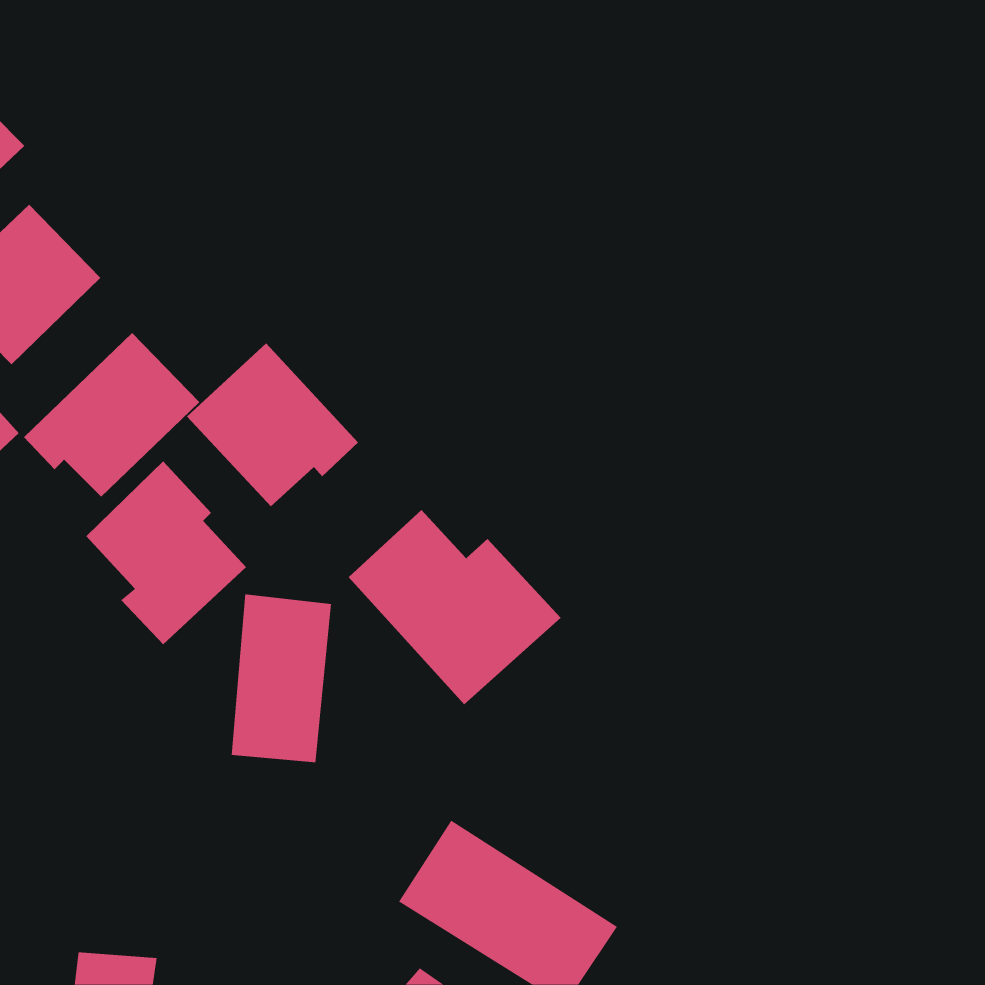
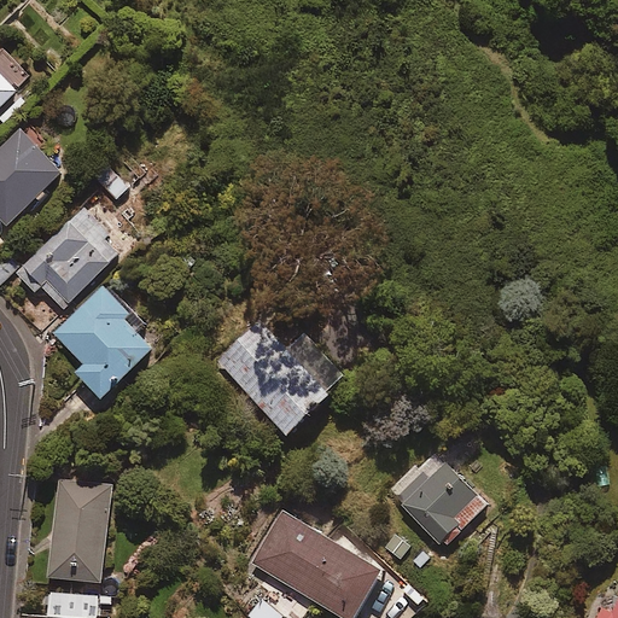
building: [186,343,359,507] -> none
building: [231,594,332,763] -> [48,478,111,583]
building: none -> [386,462,486,547]

